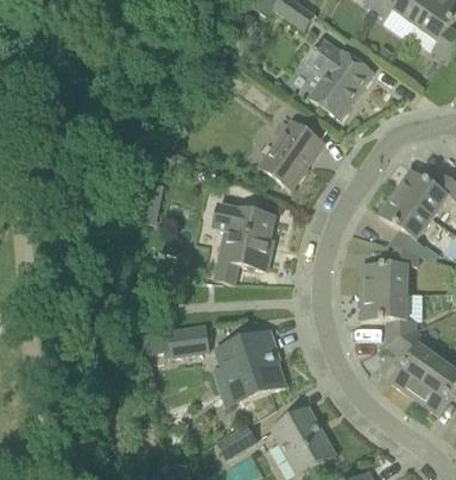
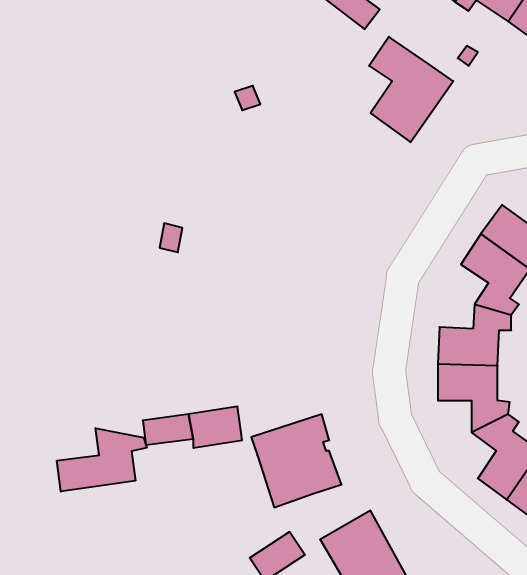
building: [258,119,324,188] -> none
building: [211,203,274,283] -> none
building: none -> [57,428,147,492]

